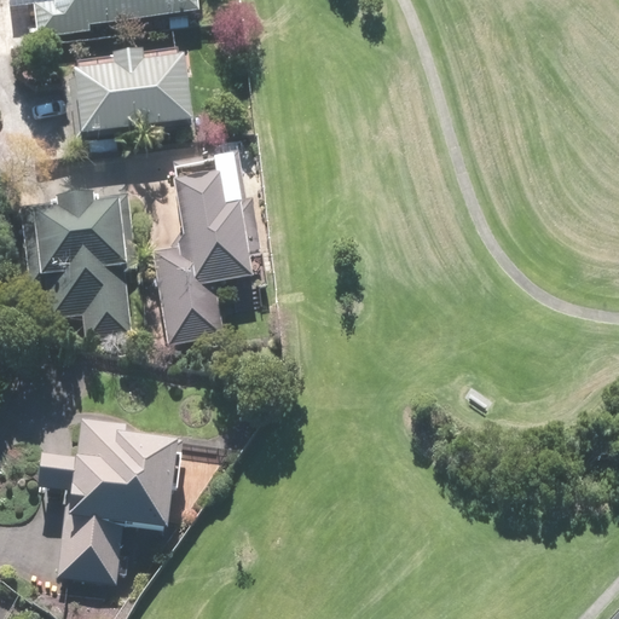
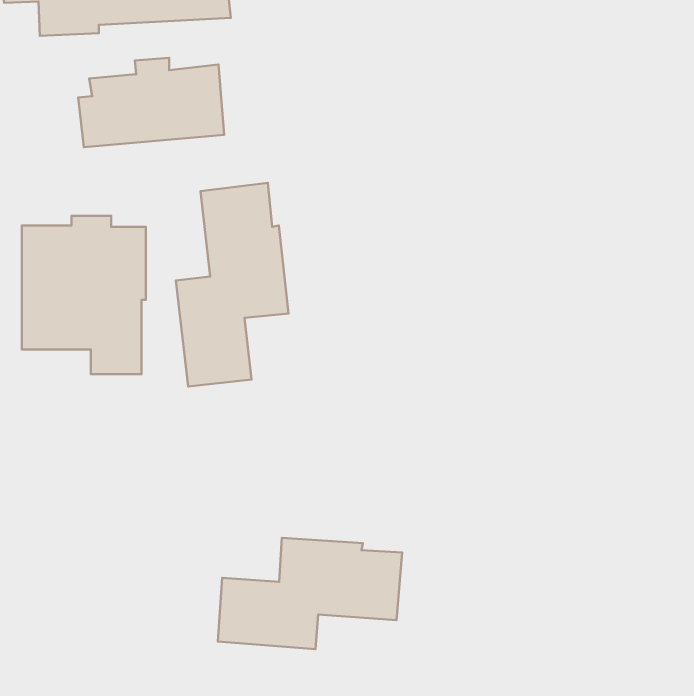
building: [44,420,180,582] -> none
building: none -> [218,538,402,649]

